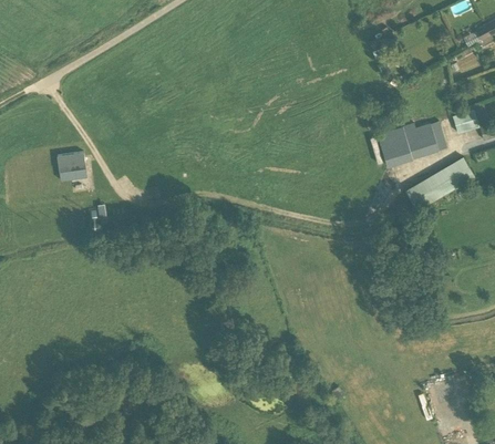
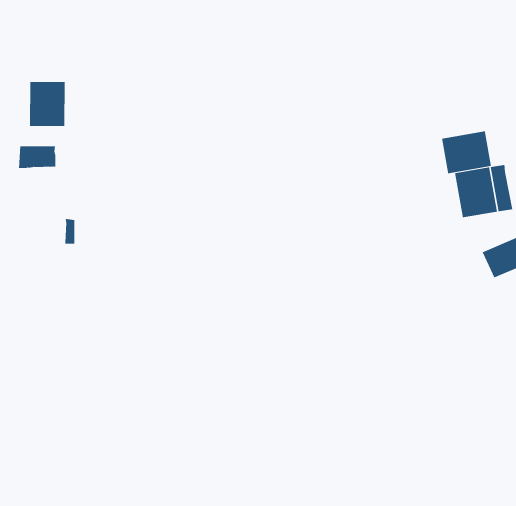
building: none -> [442,130,491,174]
building: none -> [30,81,65,127]

